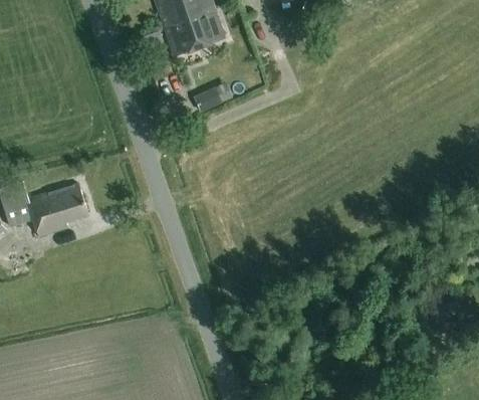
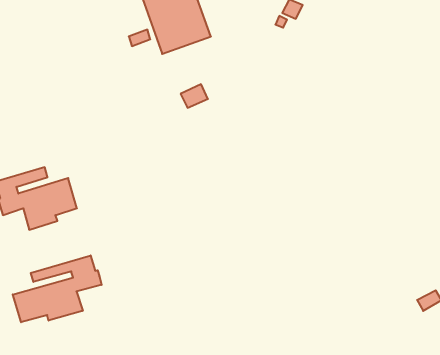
building: none -> [13,255,102,322]

